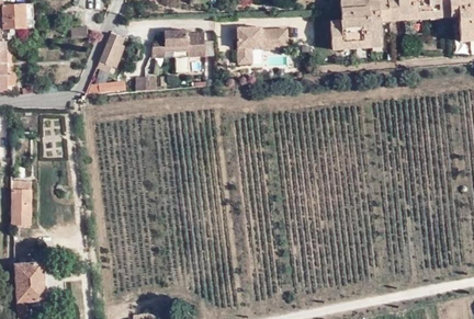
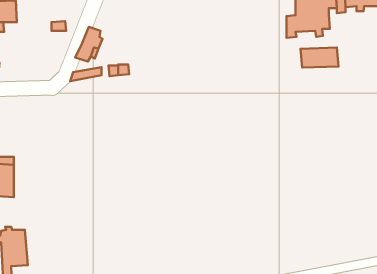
building: [239,25,290,61] -> none
building: [154,31,215,59] -> none
building: none -> [301,48,338,68]

